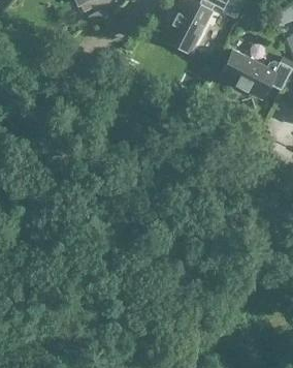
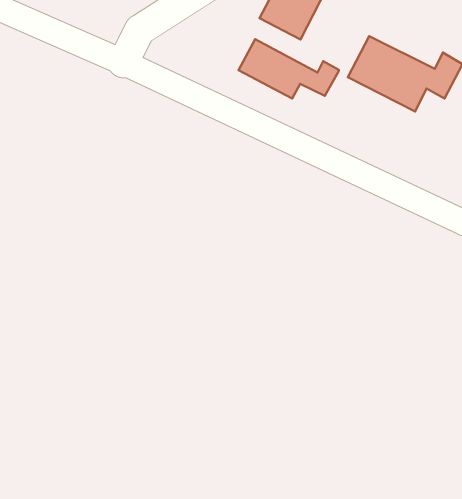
building: none -> [239,39,339,98]

